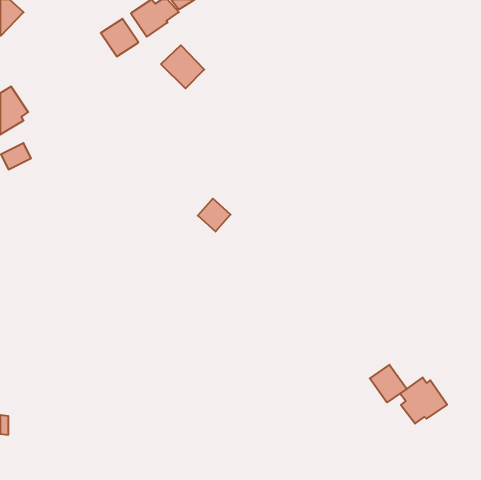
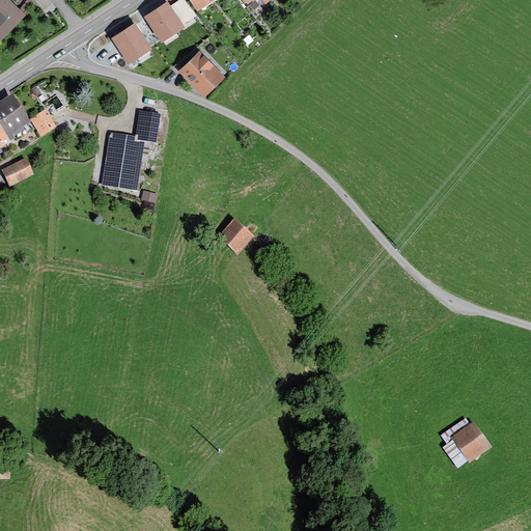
building: none -> [30,109,57,137]
building: none -> [102,110,161,192]
building: [370,365,407,402] -> none

